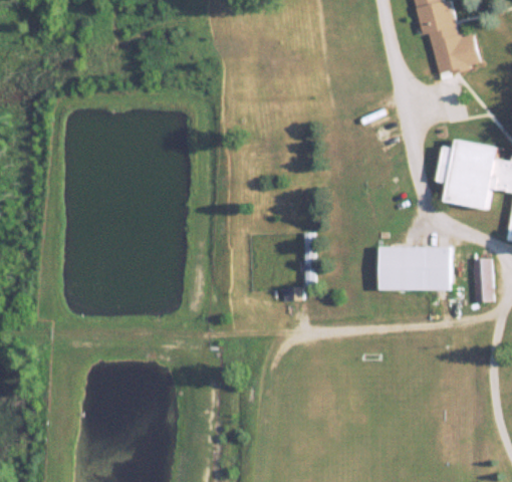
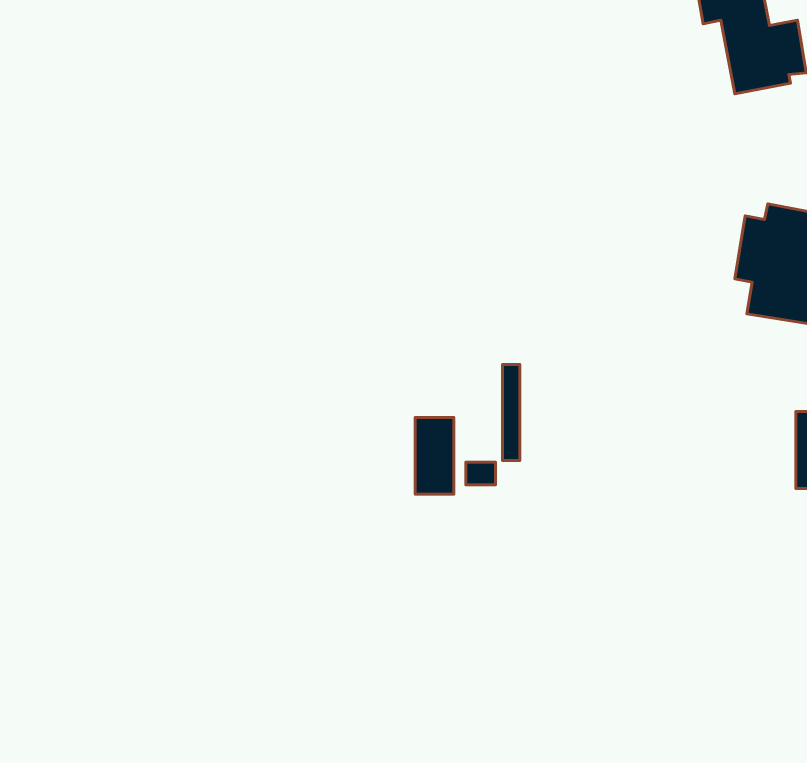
building: [380,246,452,289] -> none
building: none -> [415,418,454,494]

